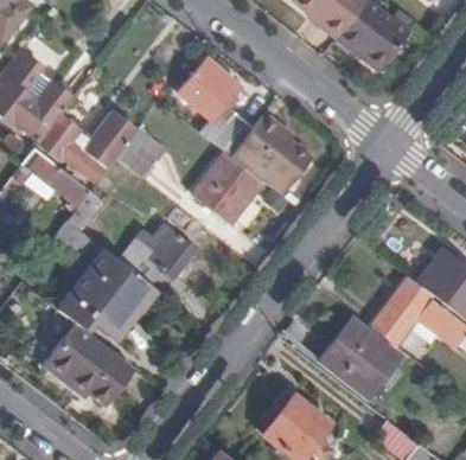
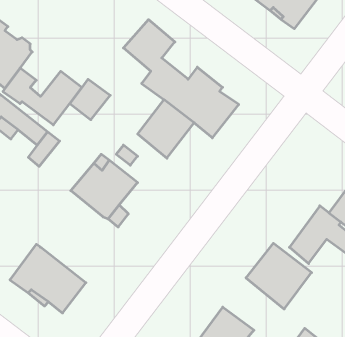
building: [59,251,154,333] -> none

